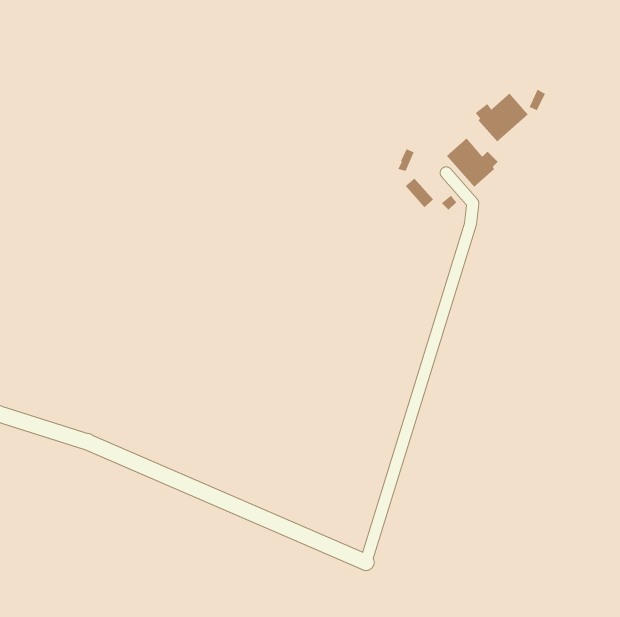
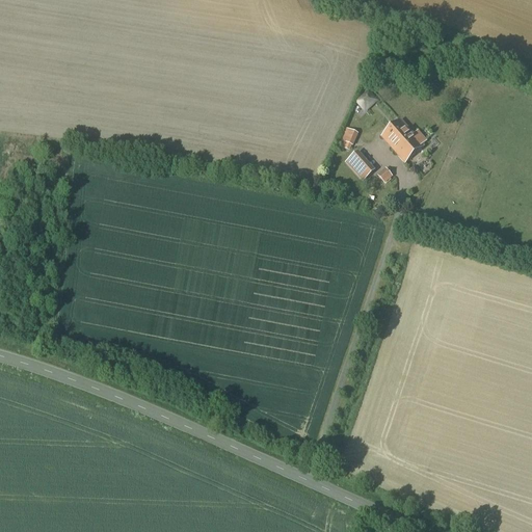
building: [475,93,529,142] -> none

